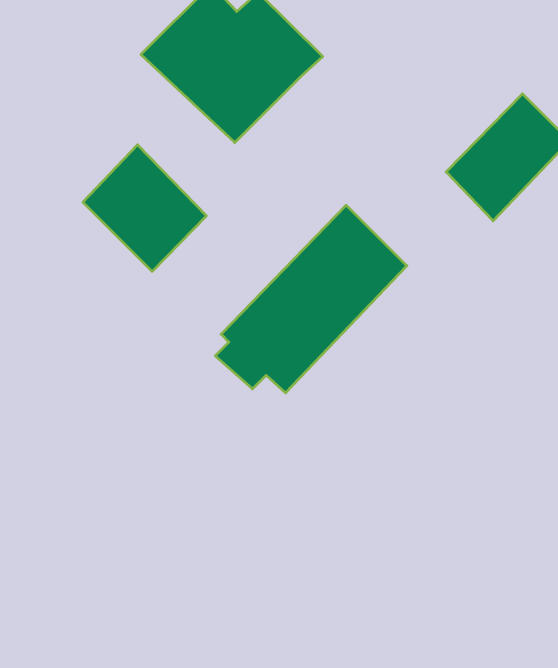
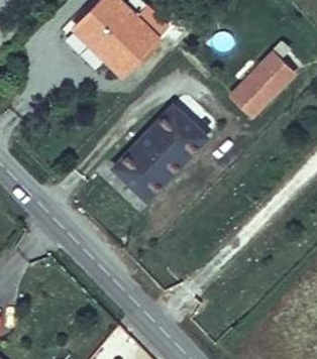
building: [83,145,206,271] -> none

